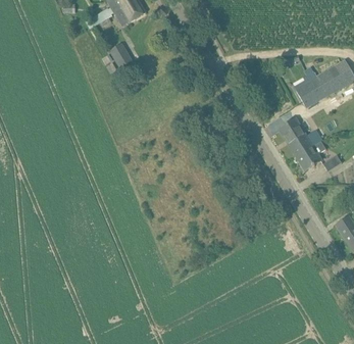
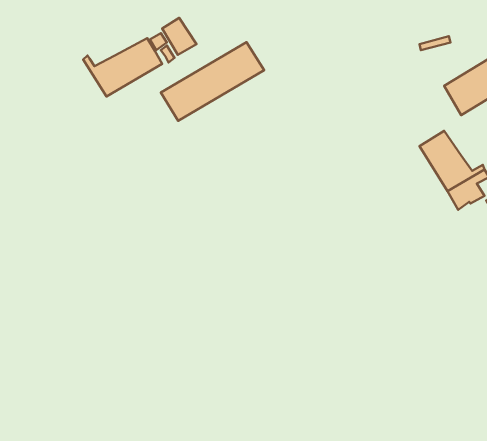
building: none -> [83,38,162,97]
building: none -> [161,42,264,121]

